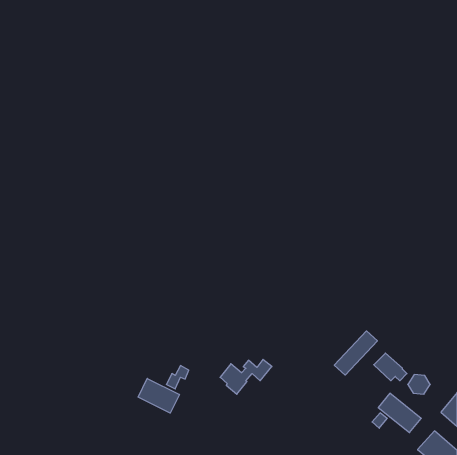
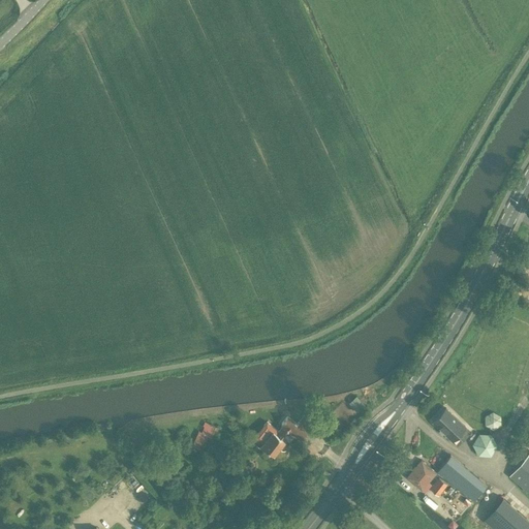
building: [334,331,377,375] -> none
building: [138,378,179,413] -> none
building: none -> [407,461,437,492]

